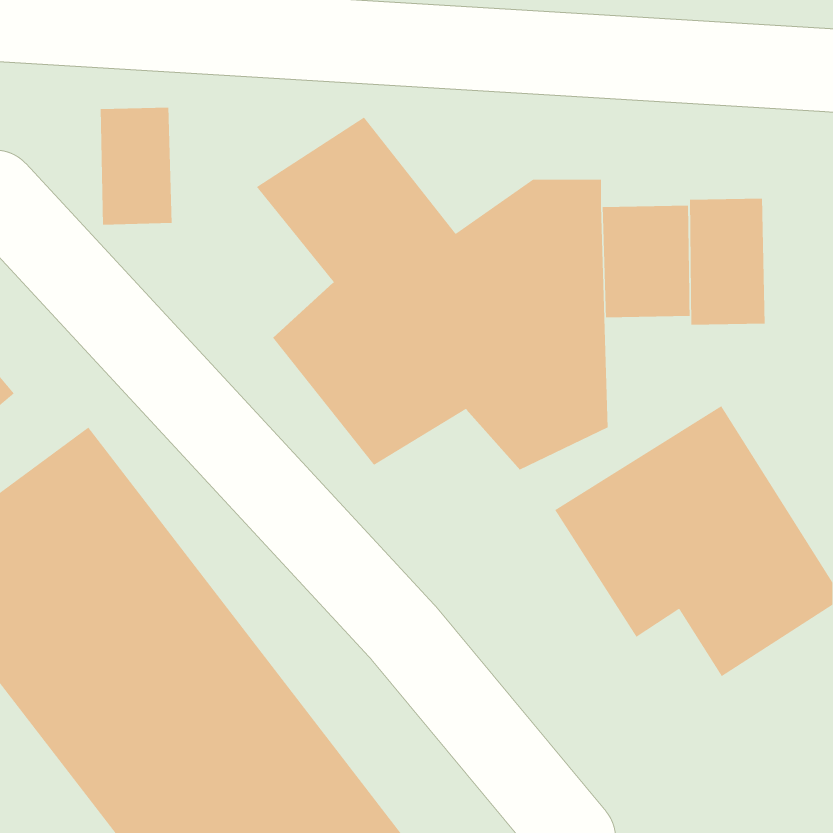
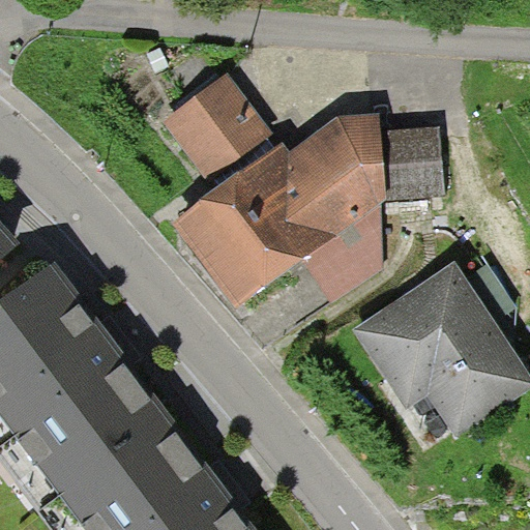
building: [100,107,173,225] -> none
building: [689,198,766,325] -> none

